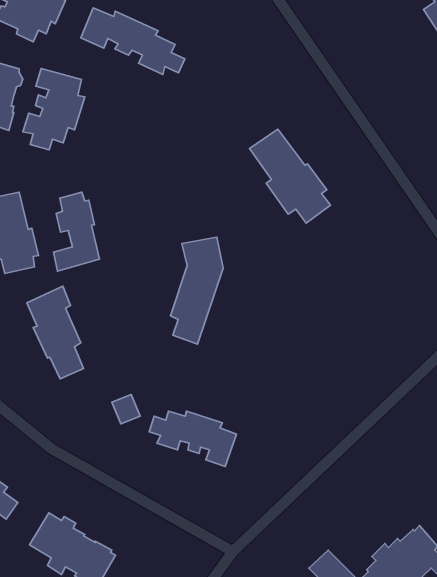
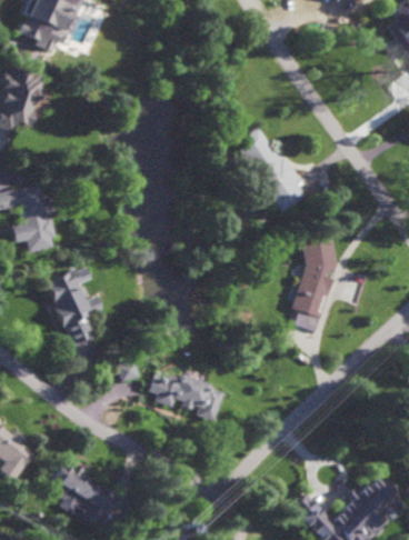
building: [81,8,185,74] -> none
building: [23,68,85,150] -> none
building: [53,192,100,271] -> none
building: [170,237,223,344] -> [295,240,340,332]

